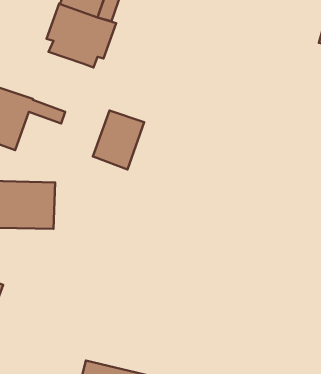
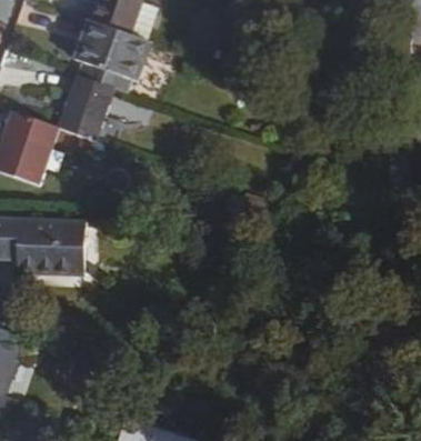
building: [93,110,144,169] -> [57,73,114,140]

